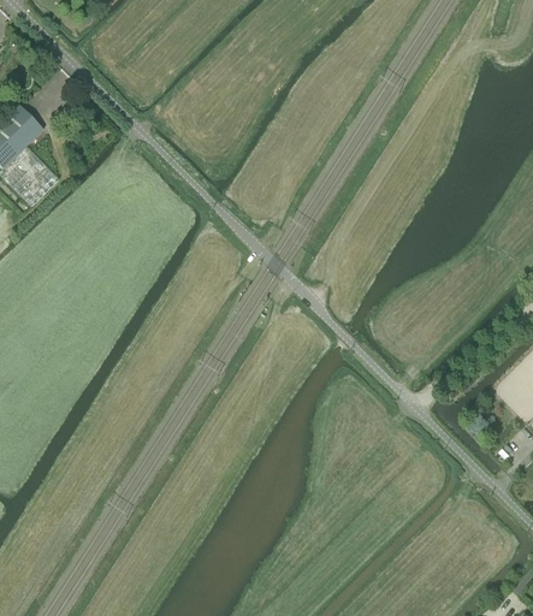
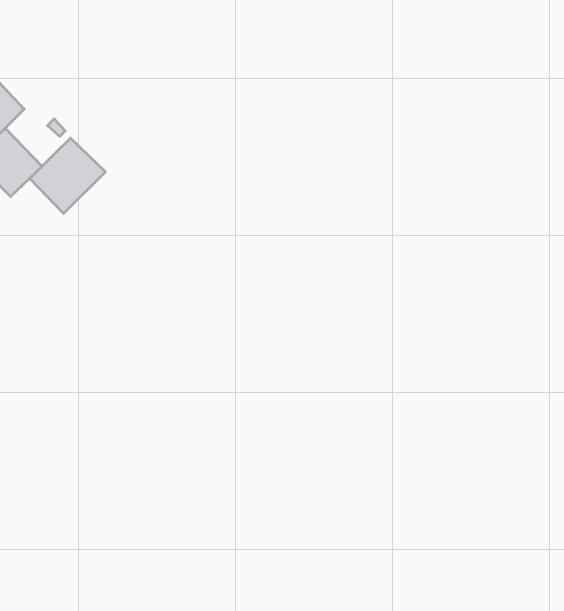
building: none -> [30,138,105,214]

